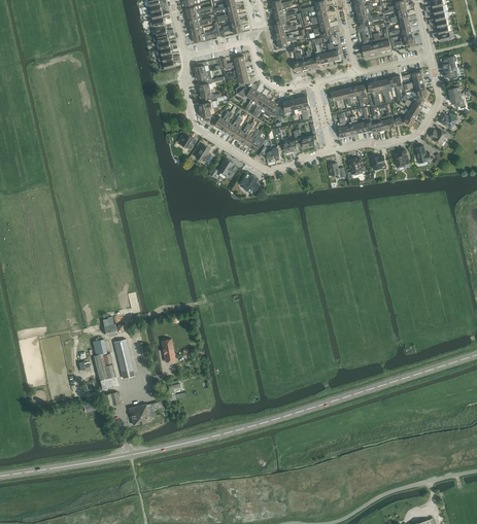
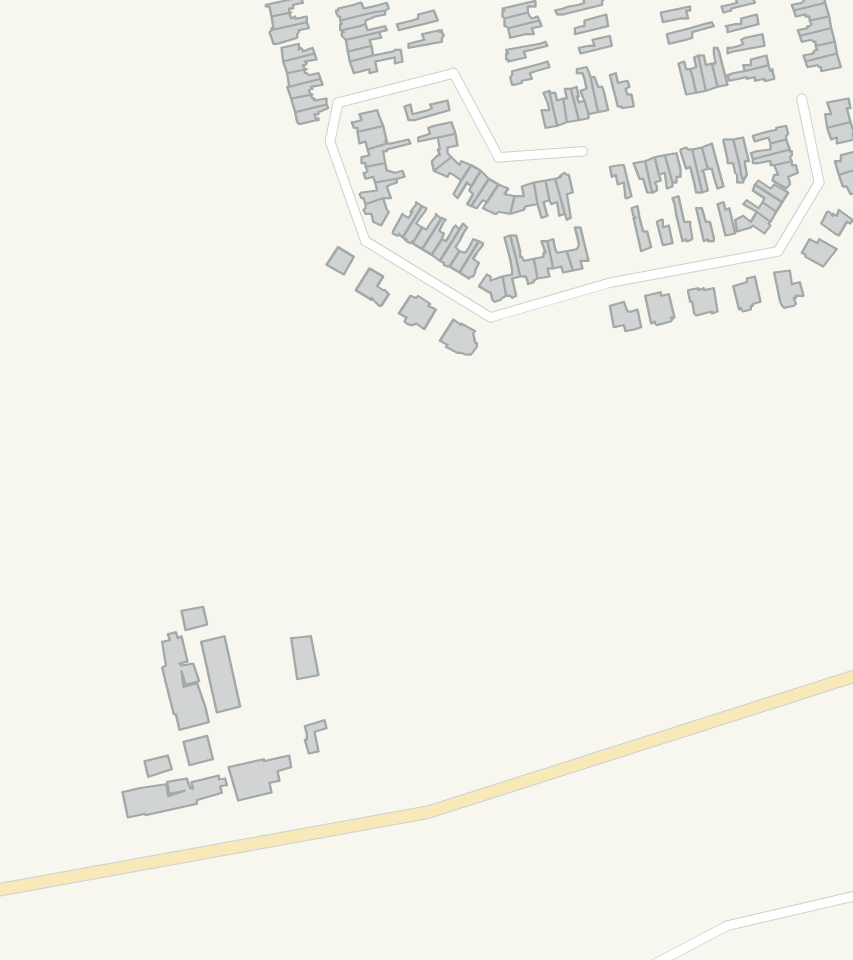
building: none -> [123,776,227,817]

